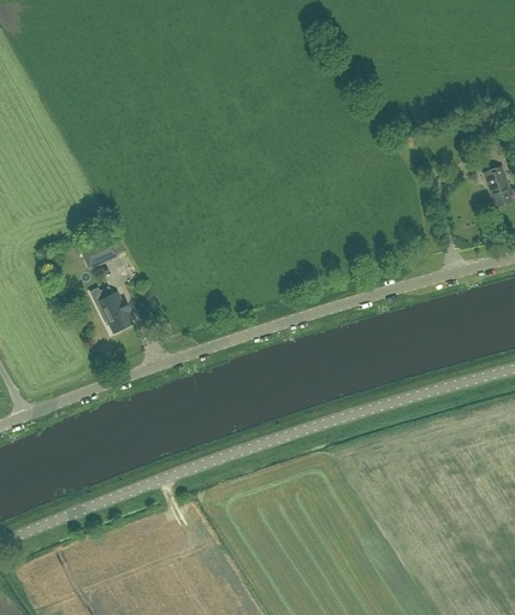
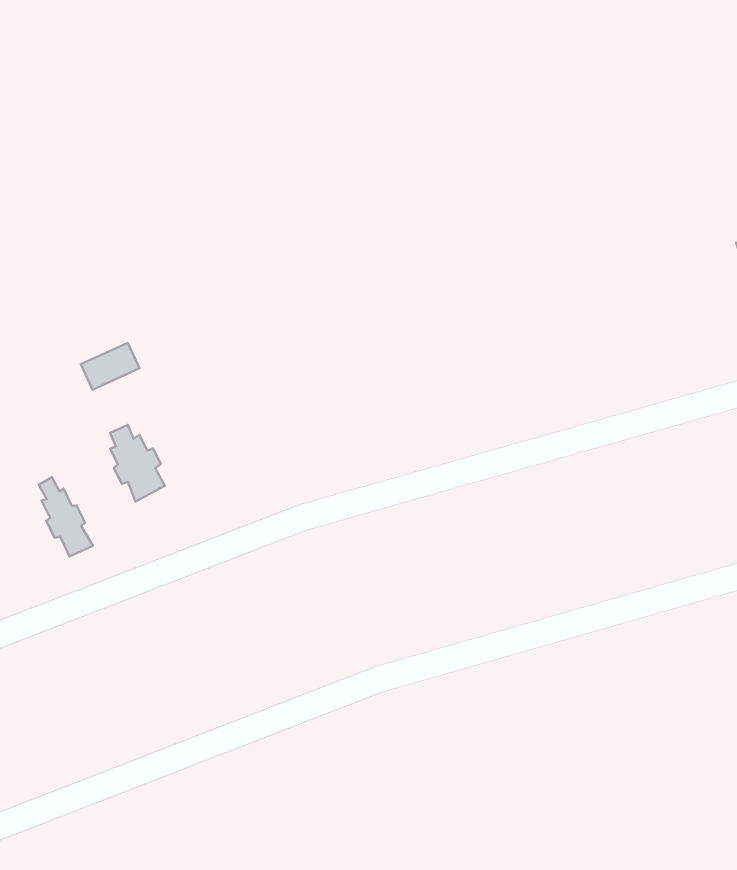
building: none -> [39,477,93,556]

